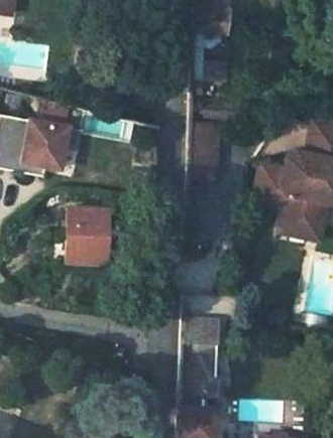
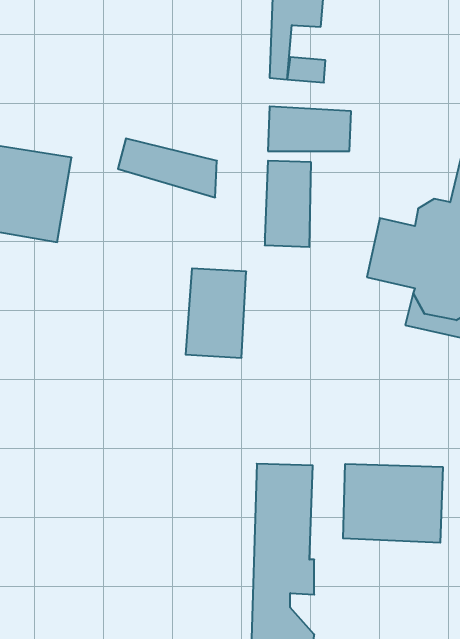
building: [68,205,106,262] -> [186,268,246,358]
building: none -> [343,464,443,543]

